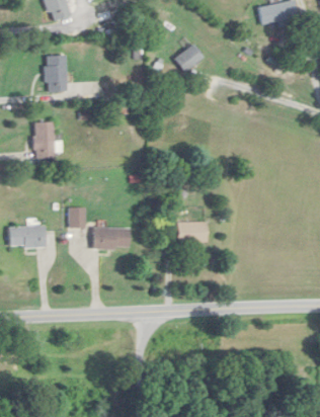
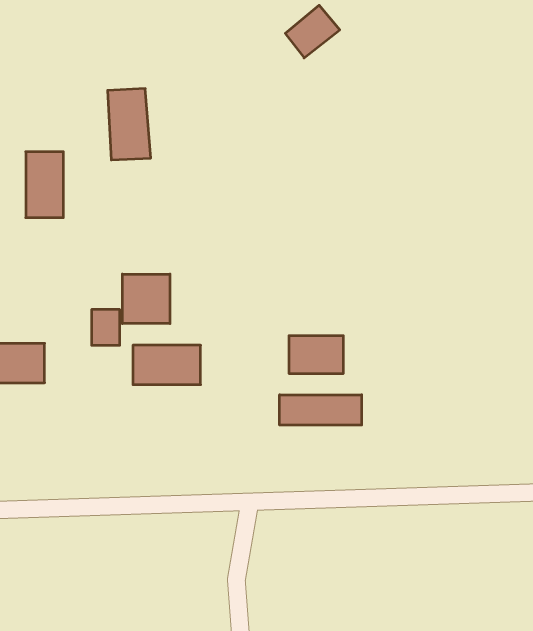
building: [45,55,68,93] -> [108,89,151,160]
building: none -> [122,274,170,324]
building: none -> [280,395,362,425]

